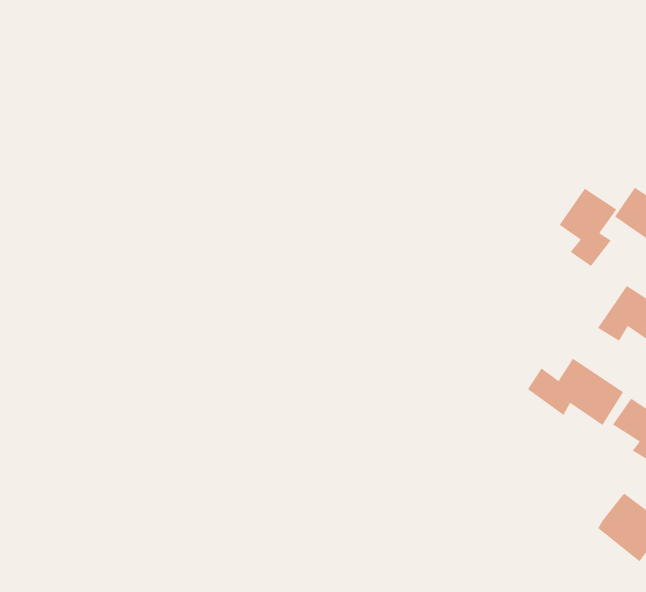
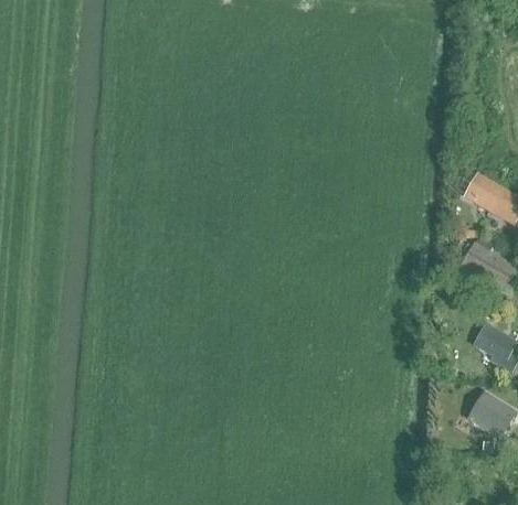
building: [559,188,617,267] -> none
building: [527,358,624,426] -> none

